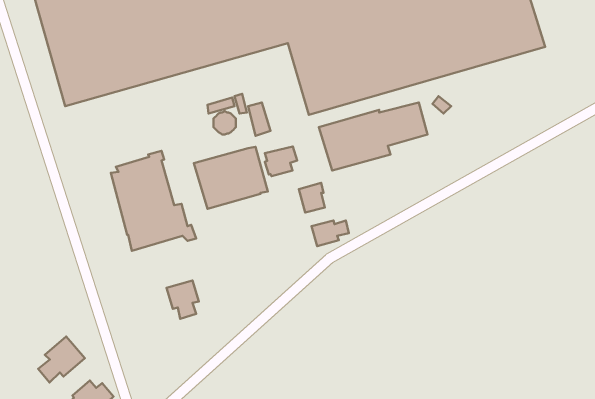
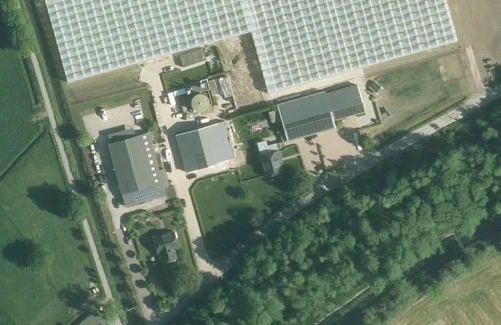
building: [265,147,297,176] -> none
building: [312,220,349,246] -> none
building: [38,337,85,383] -> none

